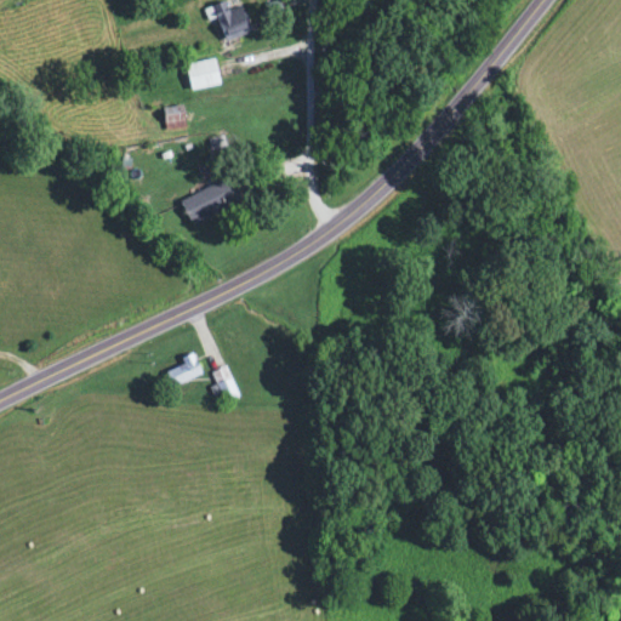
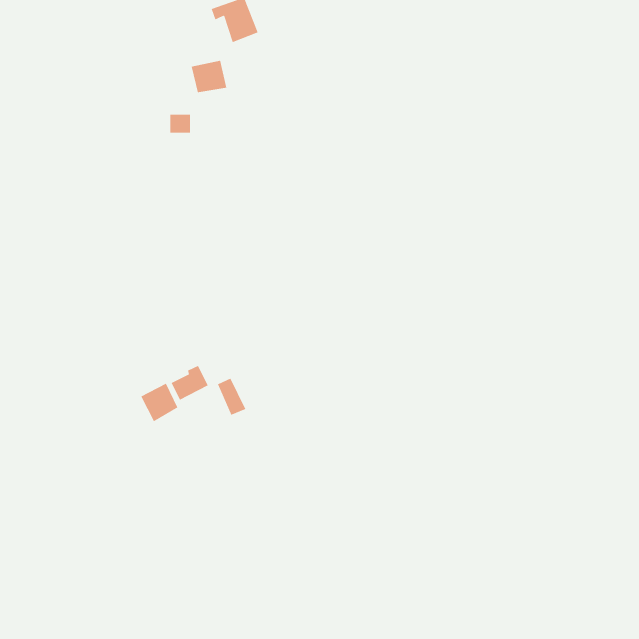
building: [181,178,239,223] -> none
building: none -> [141,383,178,422]

